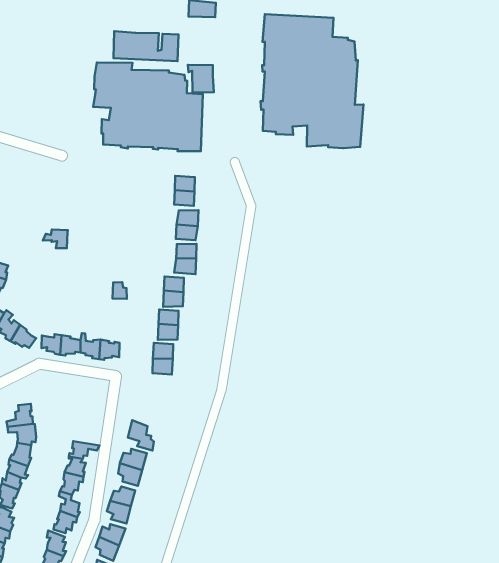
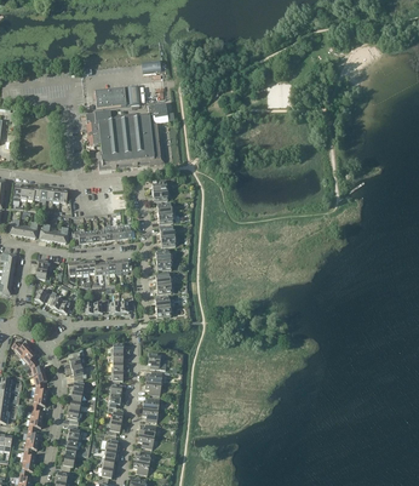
building: [261,14,363,148] -> none

